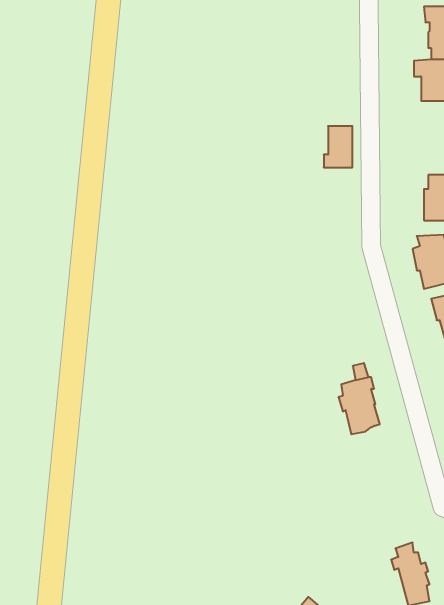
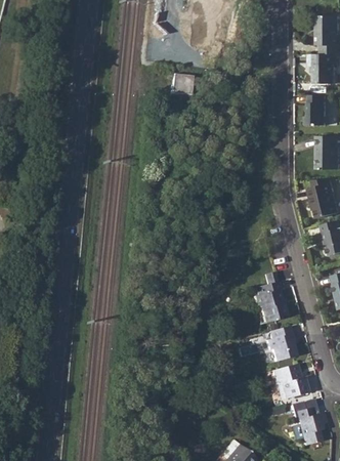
building: none -> [171,72,195,93]
building: [324,126,352,167] -> [305,95,326,125]
building: none -> [266,326,295,362]
building: none -> [272,365,307,399]

